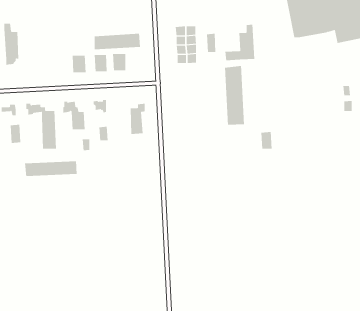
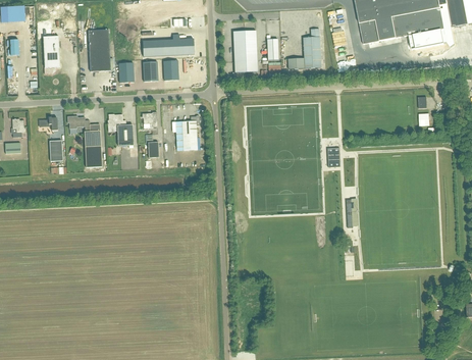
building: none -> [87,29,110,72]
building: [224,65,245,126] -> none
building: [24,160,77,177] -> none

